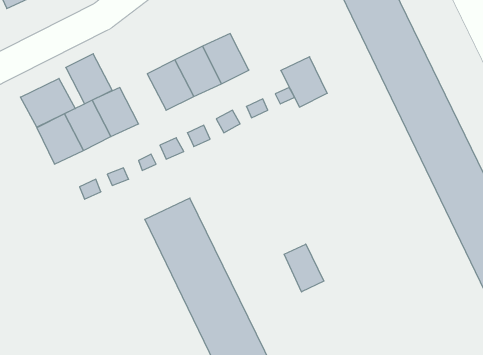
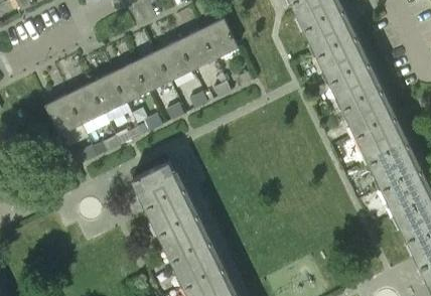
building: [66,54,112,104] -> [112,61,149,102]
building: [281,57,327,107] -> [200,18,238,58]
building: [20,78,75,127] -> none
building: [284,244,324,292] -> none

